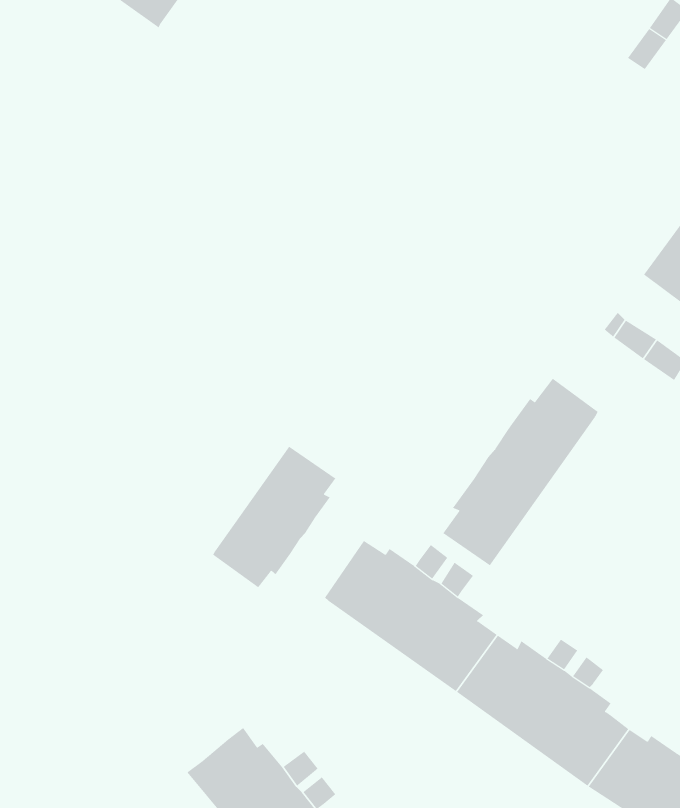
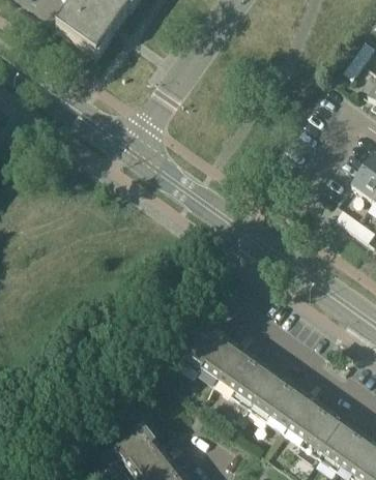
building: [442,378,599,566] -> none
building: [213,446,336,588] -> none

